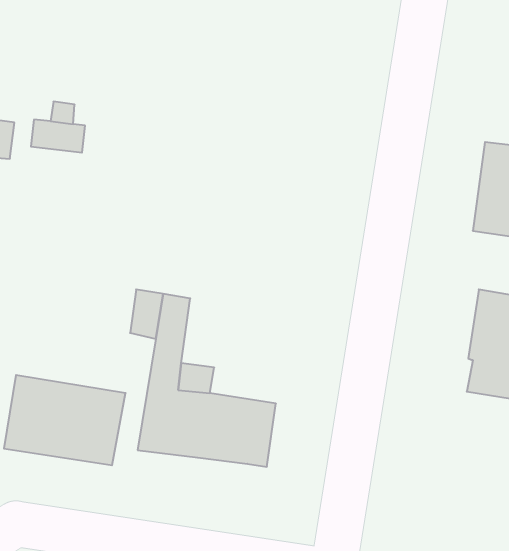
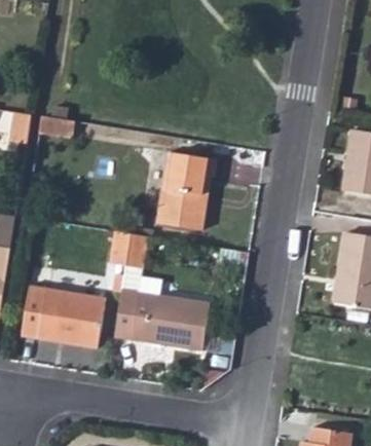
building: none -> [156,151,213,228]

